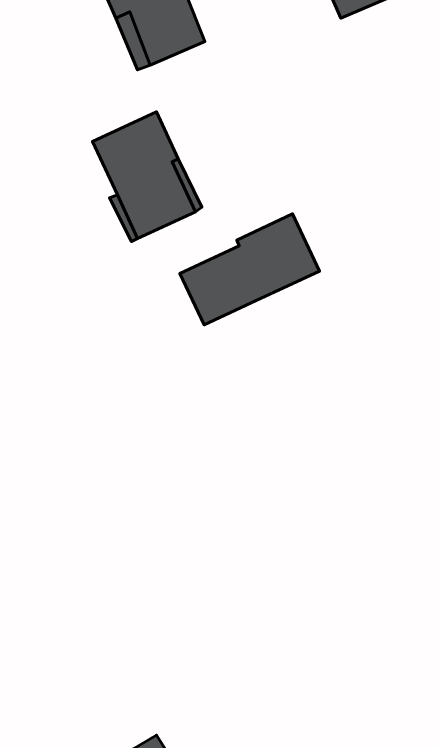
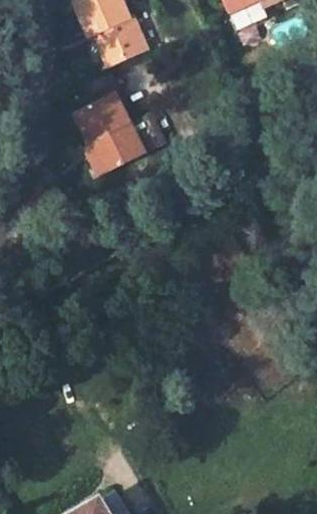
building: [180,214,320,325] -> none

